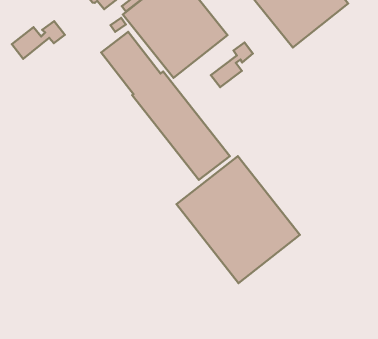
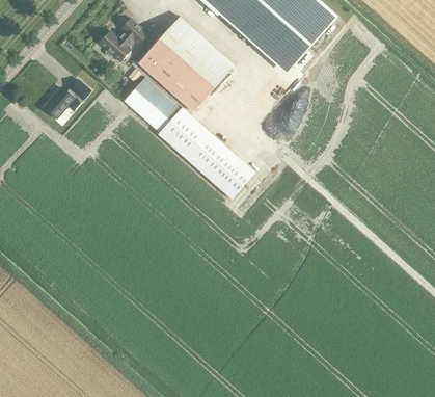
building: [211,42,253,87] -> none
building: [177,156,300,283] -> none

